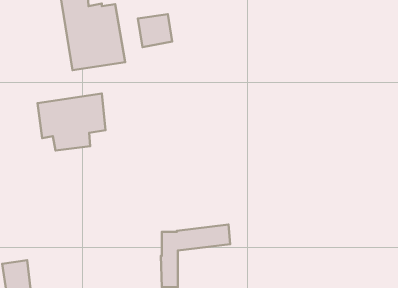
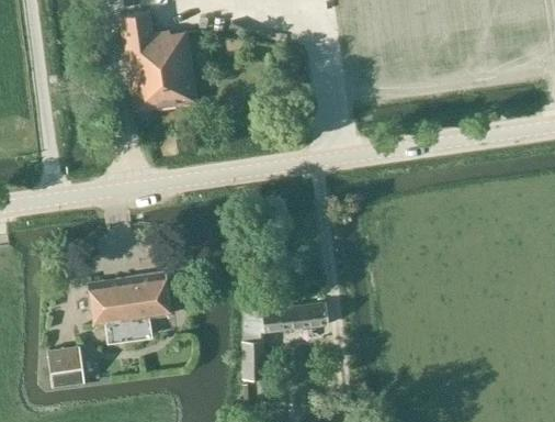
building: [138,14,172,47] -> none
building: [38,93,105,151] -> [89,271,172,342]

